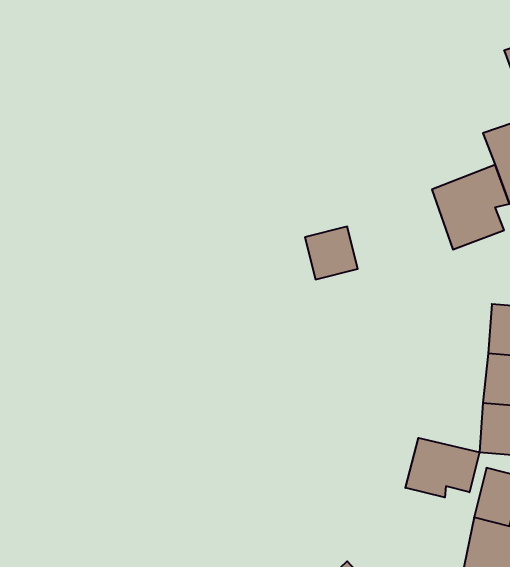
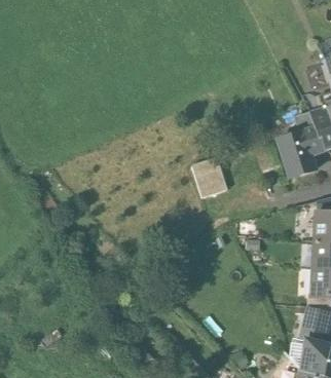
building: [405,438,479,497] -> none

